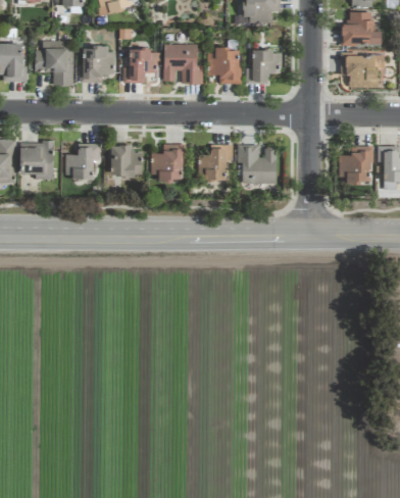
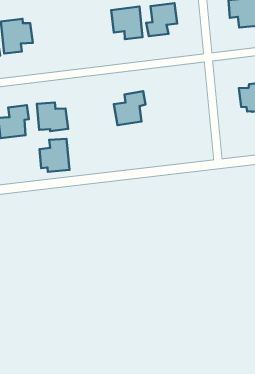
building: [164,45,203,84] -> none
building: [123,49,158,84] -> none
building: [151,144,184,181] -> [40,139,69,172]
building: [238,145,278,184] -> none

